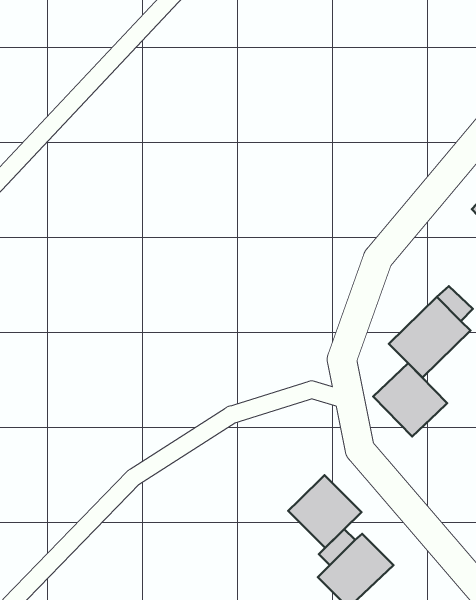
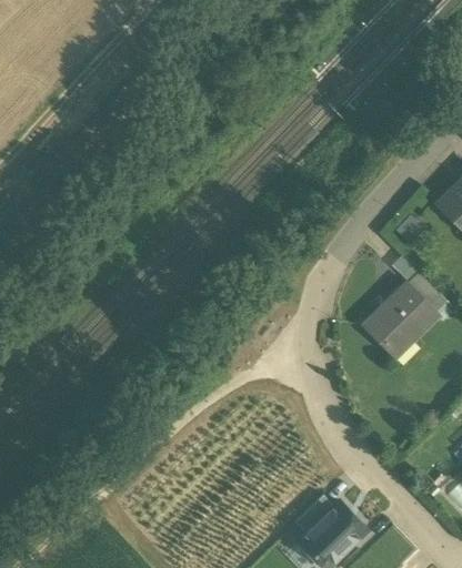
building: [373,363,447,436] -> none
building: [288,475,361,548] -> none

